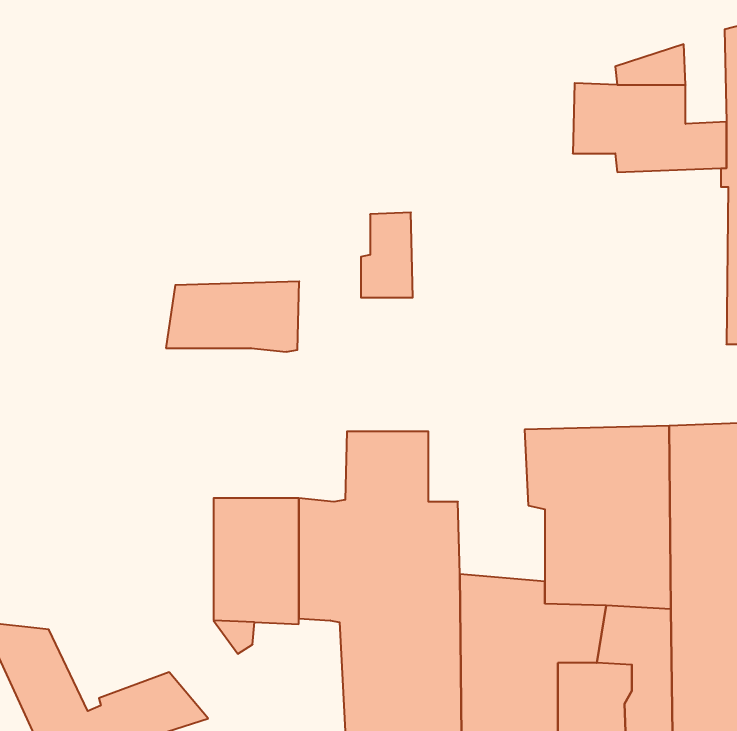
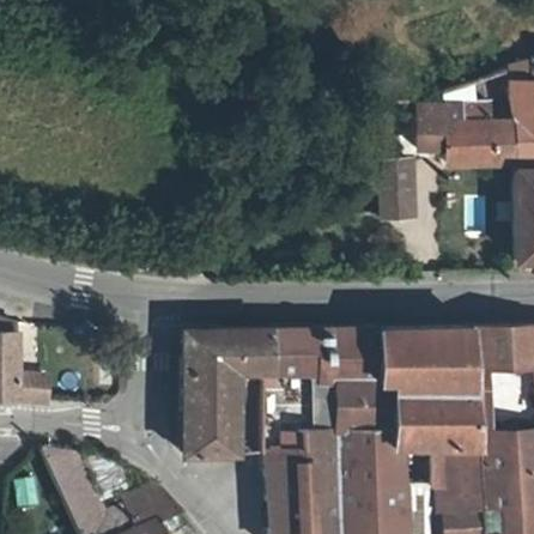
building: [361,212,413,298] -> [382,160,415,216]
building: [166,281,299,352] -> [187,330,273,376]
building: none -> [326,329,401,427]

